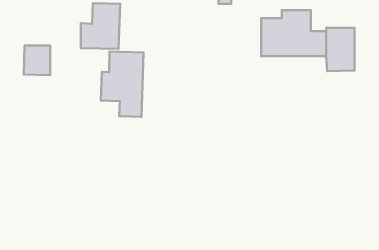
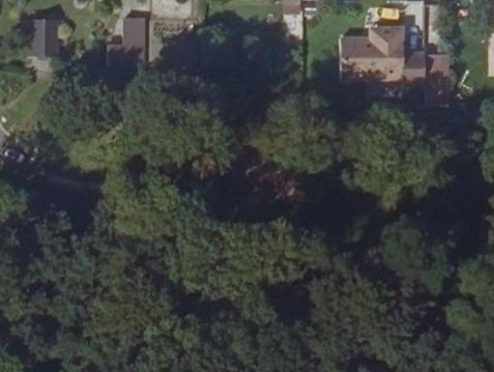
building: [24,45,50,75] -> [24,19,58,57]
building: [101,52,143,117] -> none

